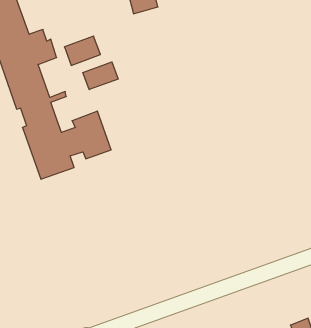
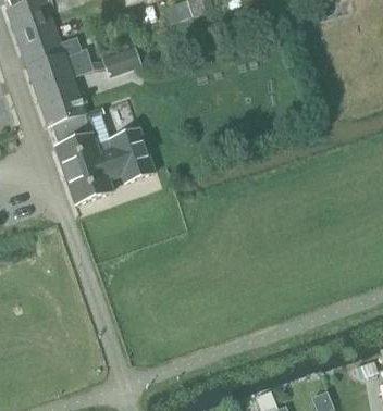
building: [83,62,118,90] -> none

